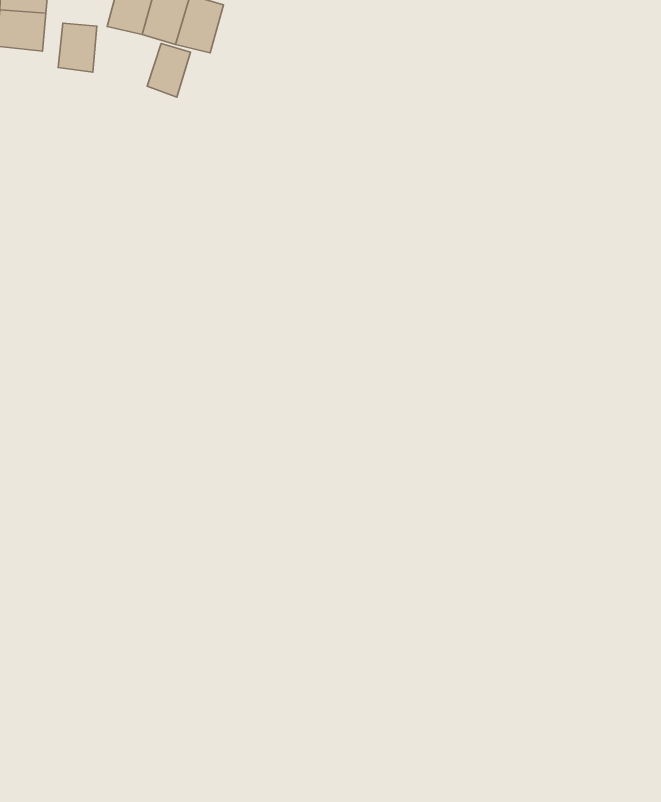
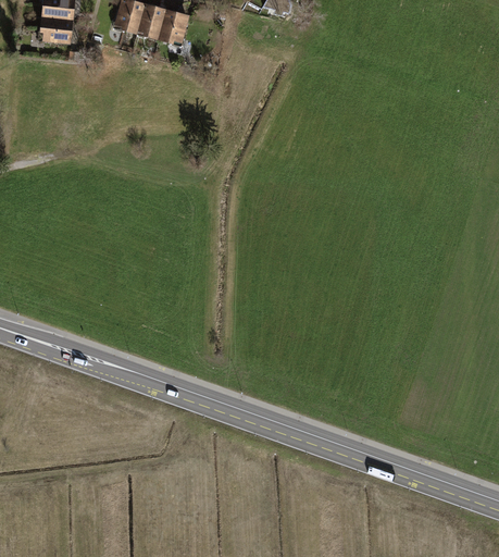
building: [58,23,97,72] -> none
building: [147,43,190,97] -> none

